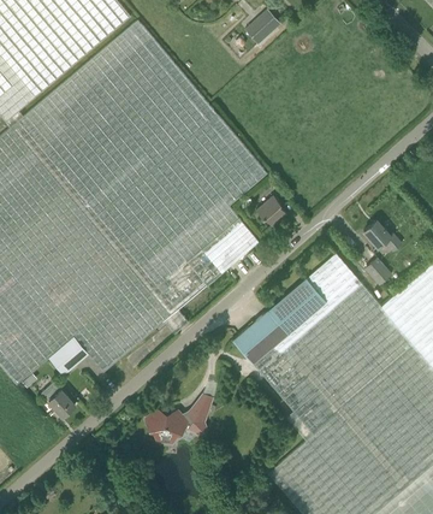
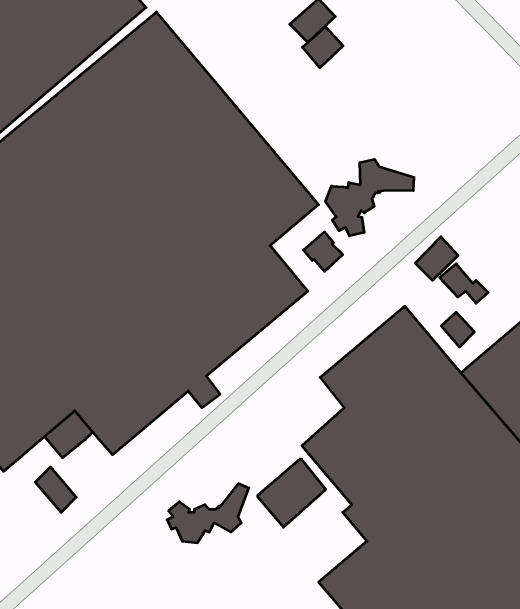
building: none -> [302,27,343,68]
building: none -> [325,159,414,236]
building: none -> [415,237,458,280]
building: [232,311,286,365] -> [258,459,326,527]

